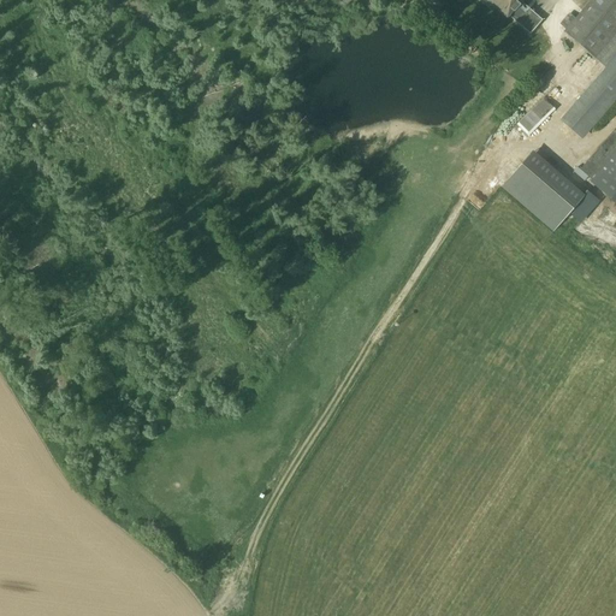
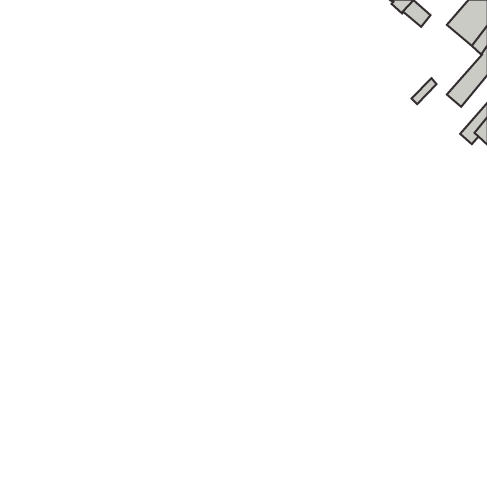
building: [505,153,584,229] -> none

